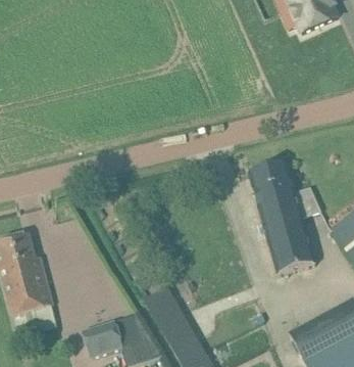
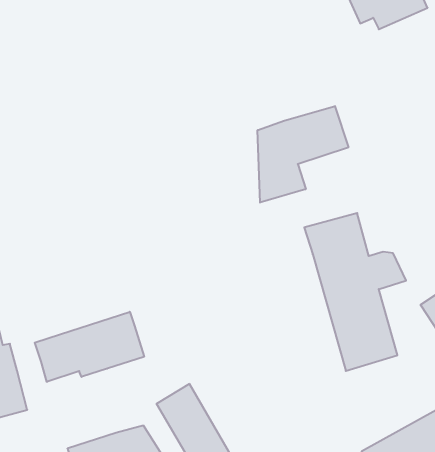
building: none -> [258,106,348,203]
building: none -> [35,312,144,382]

